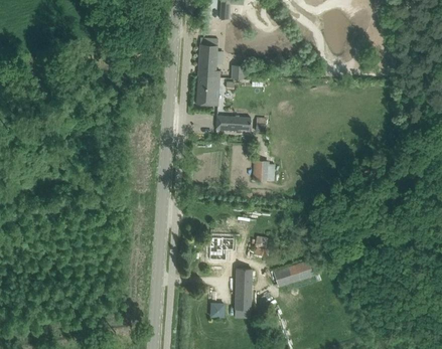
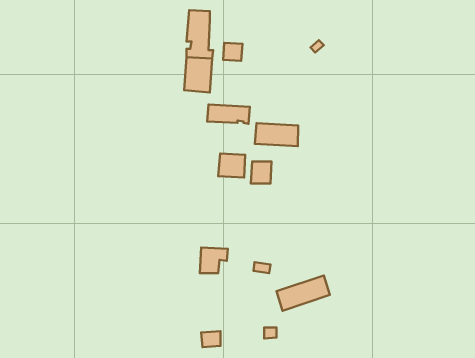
building: none -> [255,123,298,146]
building: none -> [218,154,245,178]
building: [235,269,254,317] -> none

